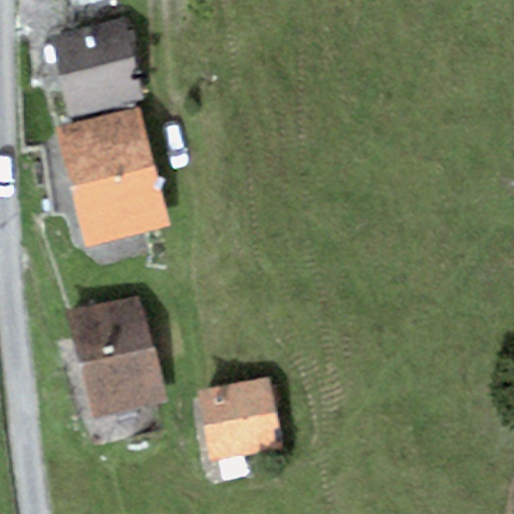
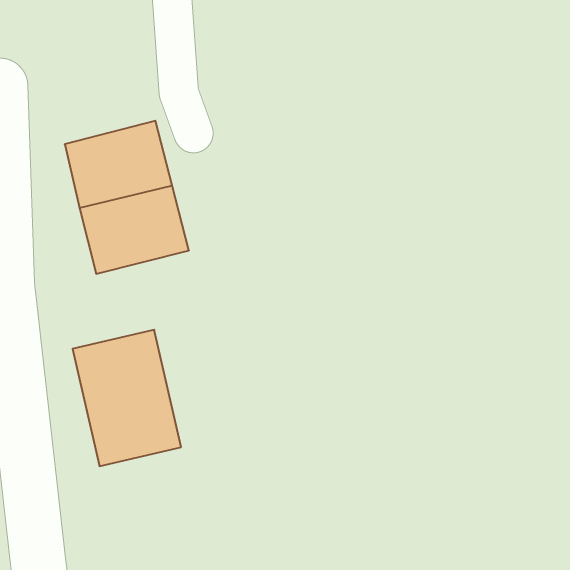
building: [54,26,140,117] -> none
building: [197,377,280,457] -> none

